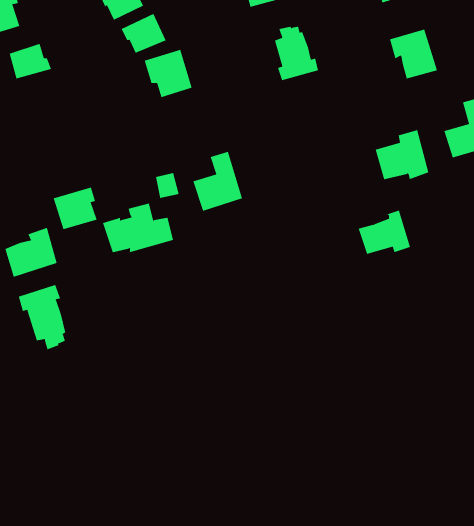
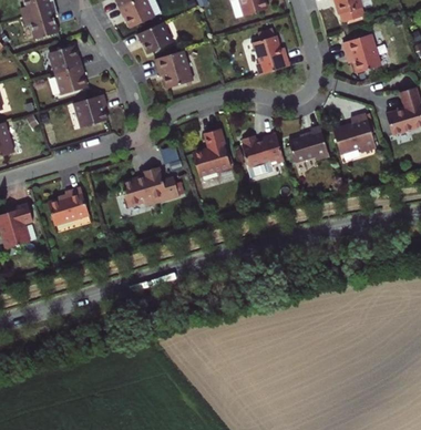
building: none -> [55,65,88,95]
building: none -> [242,134,285,167]
building: [53,187,97,230] -> [75,93,110,126]
building: [358,210,411,254] -> [288,125,329,160]
building: [18,284,66,350] -> none

